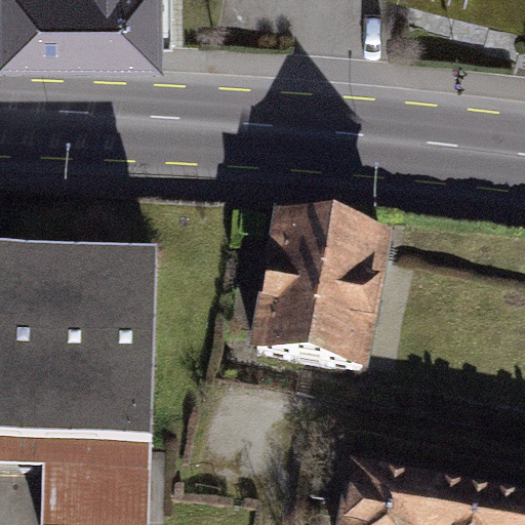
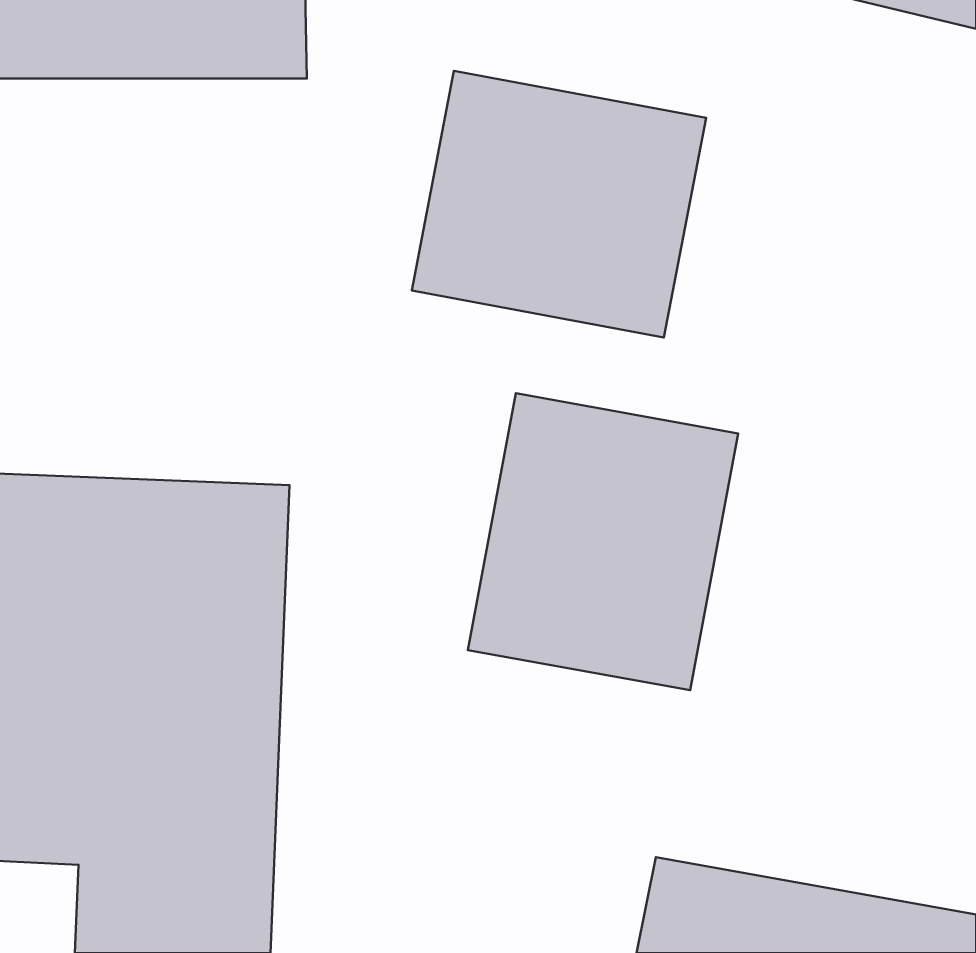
building: none -> [412,71,706,337]

